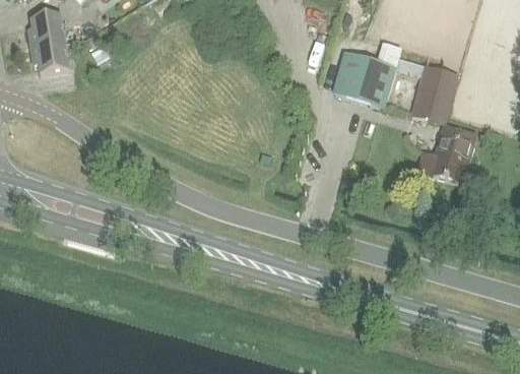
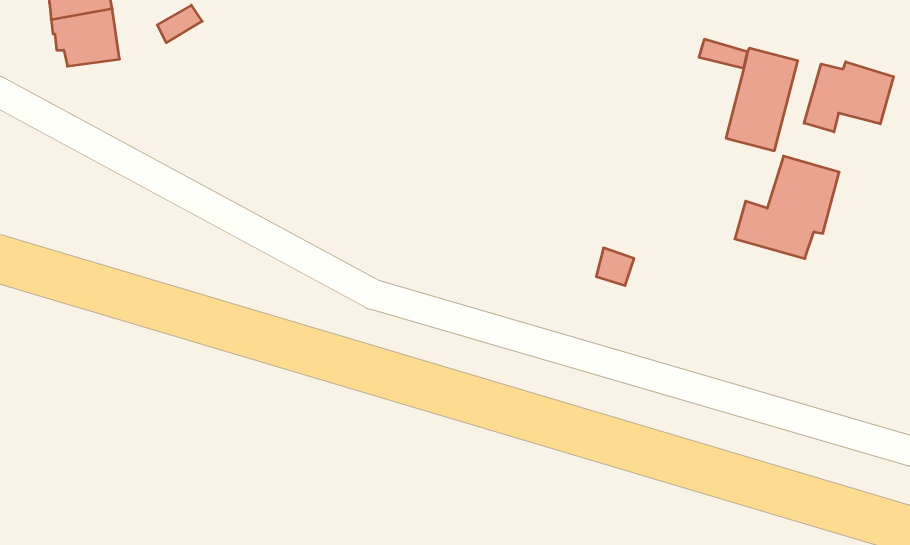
building: [330,50,395,106] -> none
building: none -> [804,62,894,132]

